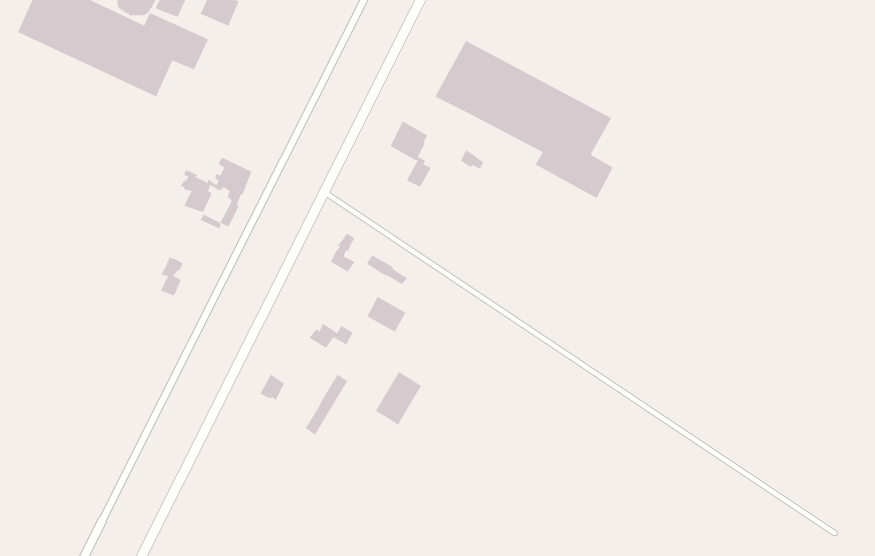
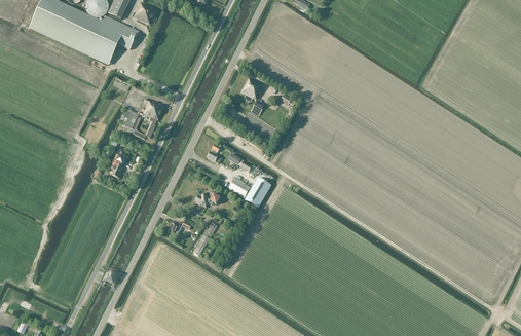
building: [435,40,613,199] -> none
building: [375,371,422,426] -> [244,177,270,208]

